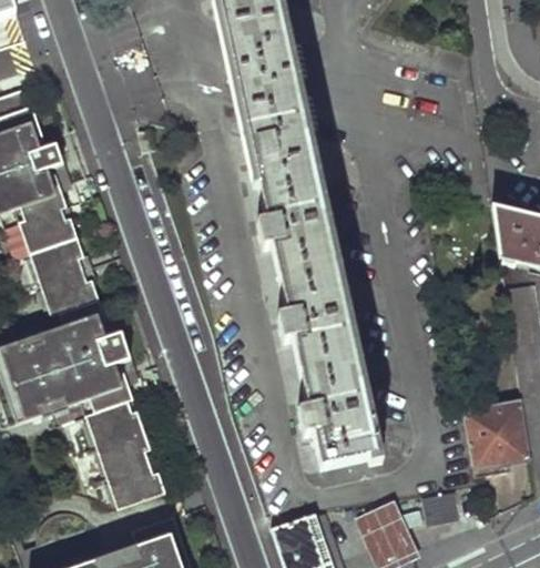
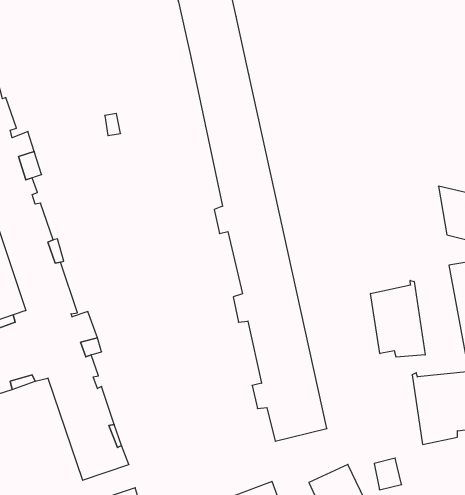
building: none -> [371,280,425,357]

